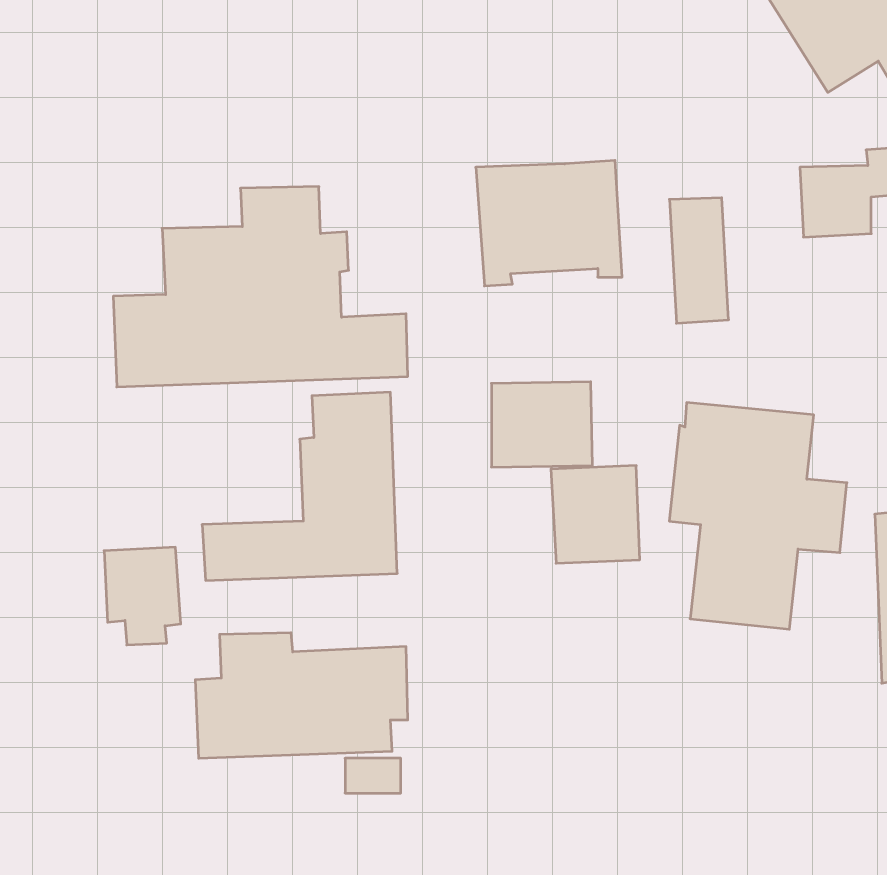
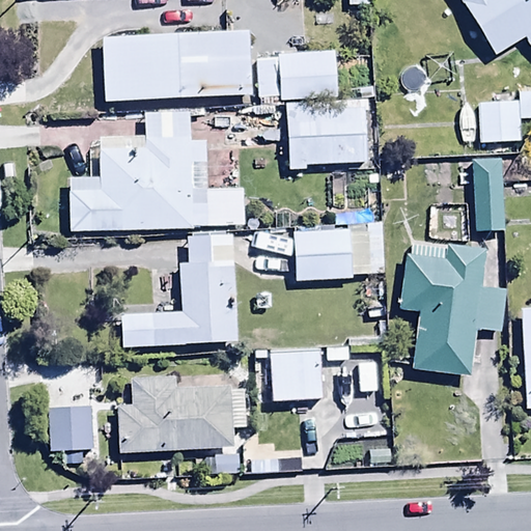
building: none -> [102,30,251,102]
building: none -> [256,49,338,101]
building: [669,198,729,323] -> [472,157,507,231]
building: [551,466,640,563] -> [270,343,323,401]
building: [104,547,181,645] -> [48,403,93,462]

